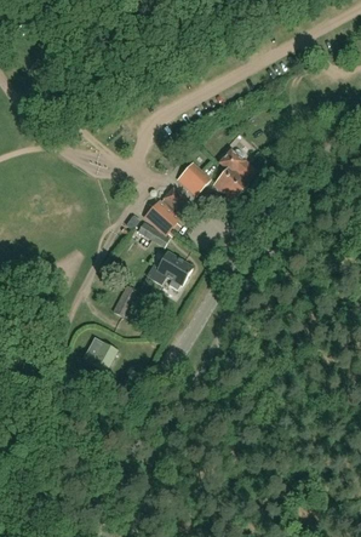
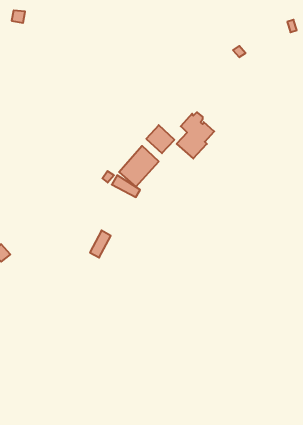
building: [145,252,194,290] -> none
building: [82,337,116,371] -> none

